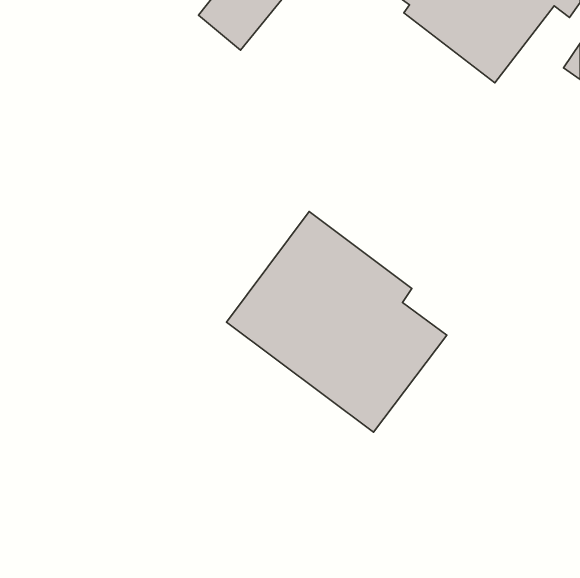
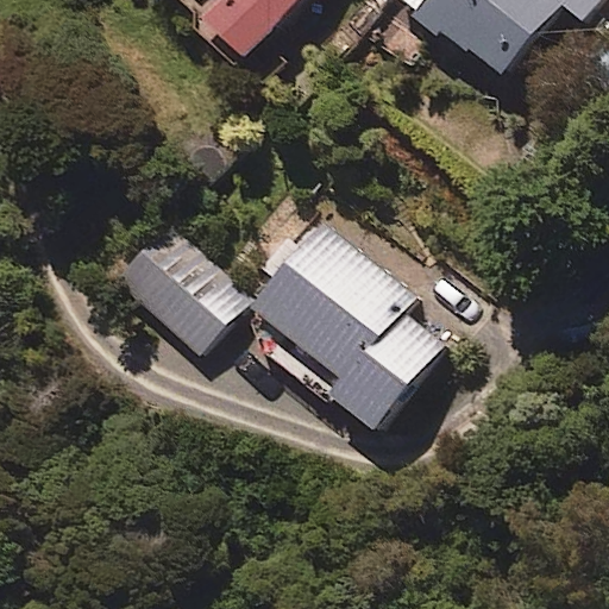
building: none -> [132,241,241,349]

